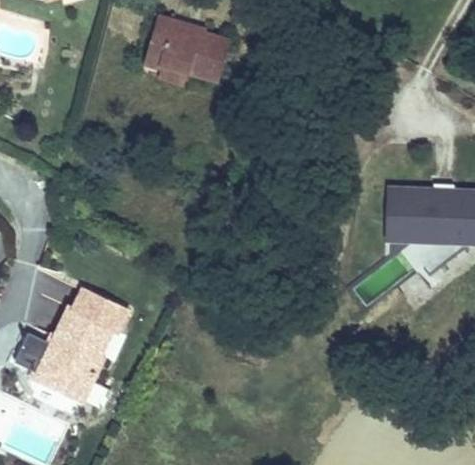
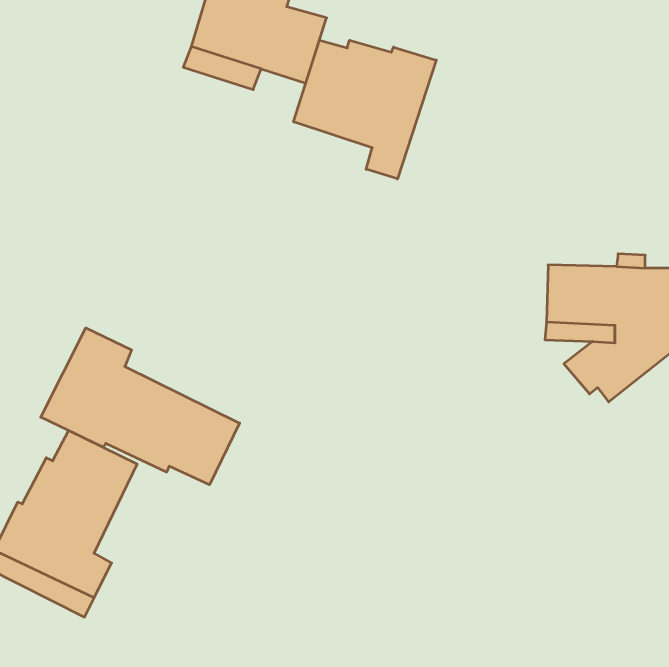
building: none -> [294,40,436,179]
building: none -> [41,328,240,485]

